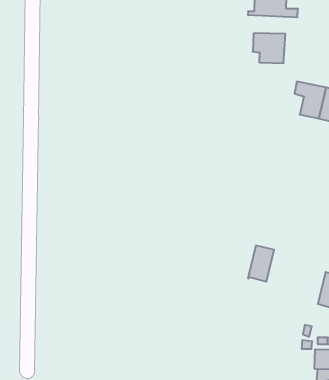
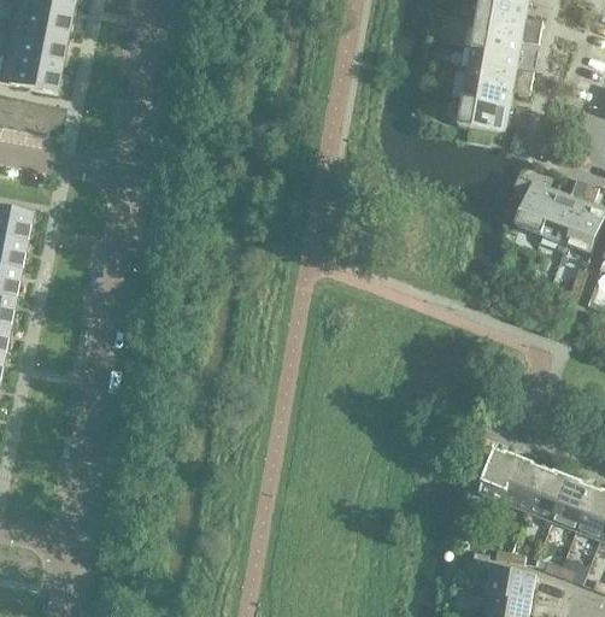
building: none -> [458,70,530,105]
building: [248,246,274,282] -> [477,447,521,501]

